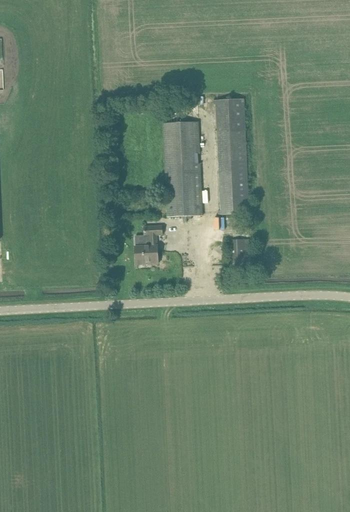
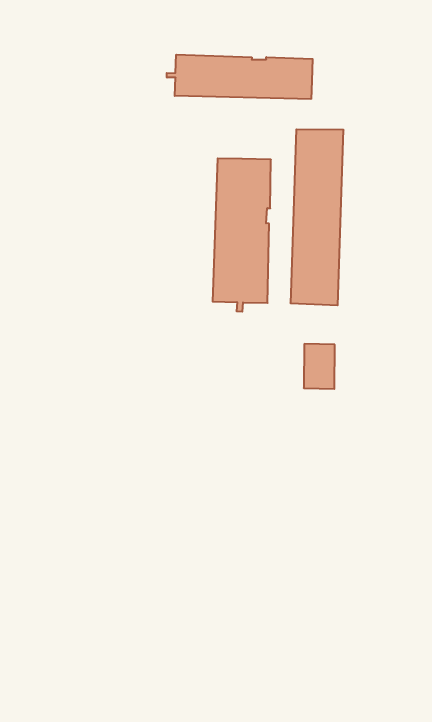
building: none -> [167,55,313,99]
building: [135,225,162,263] -> none

